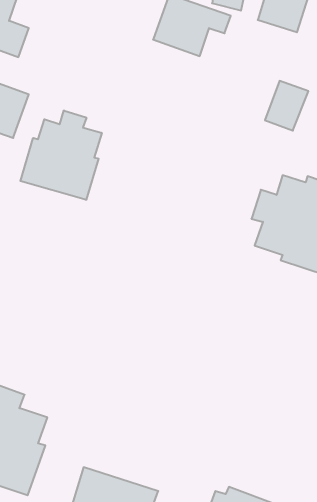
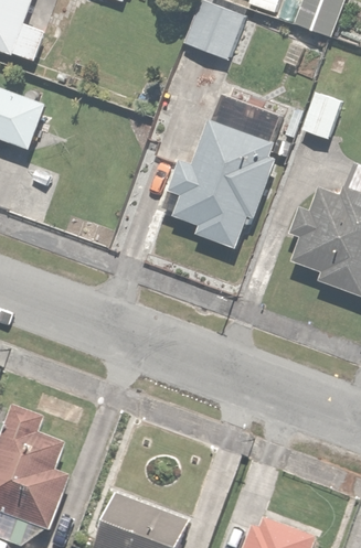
building: none -> [166,94,282,250]
building: [20,110,102,200] -> none

